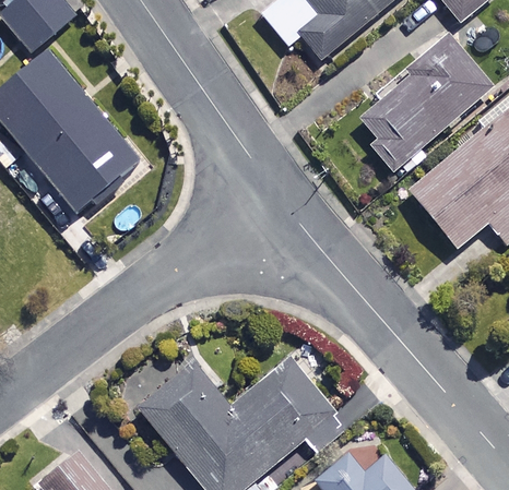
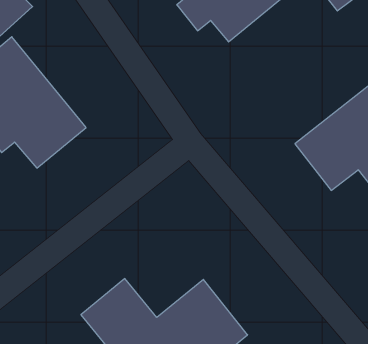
building: [360,37,490,171] -> none

